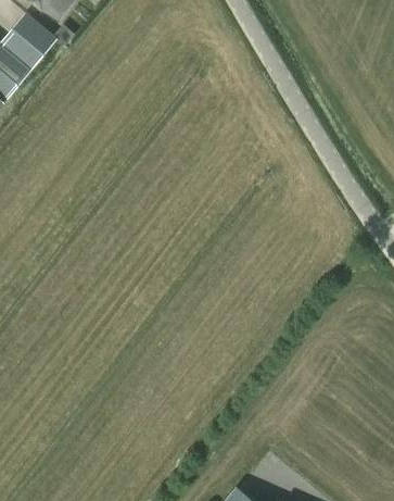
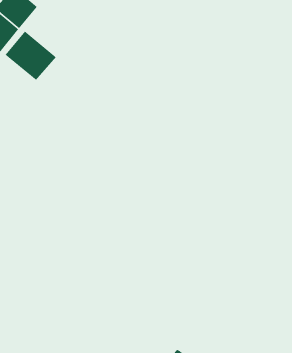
building: none -> [5,30,57,81]

